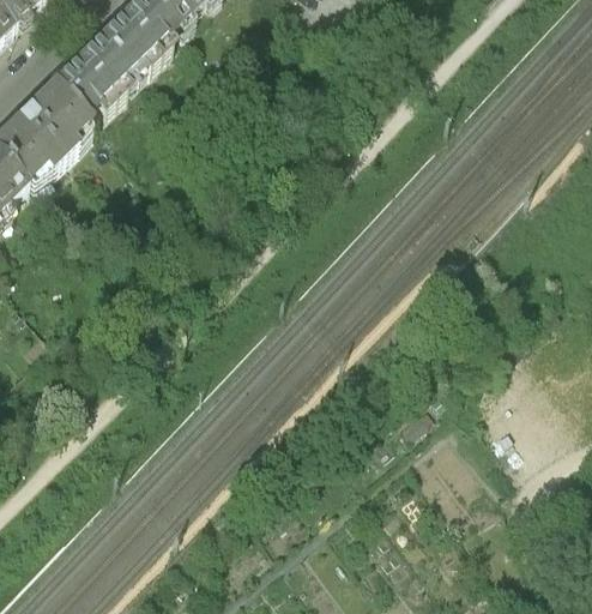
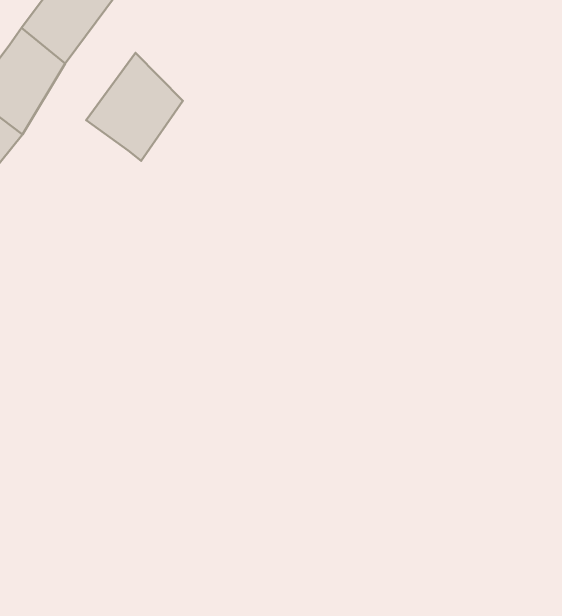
building: none -> [86,53,183,161]

